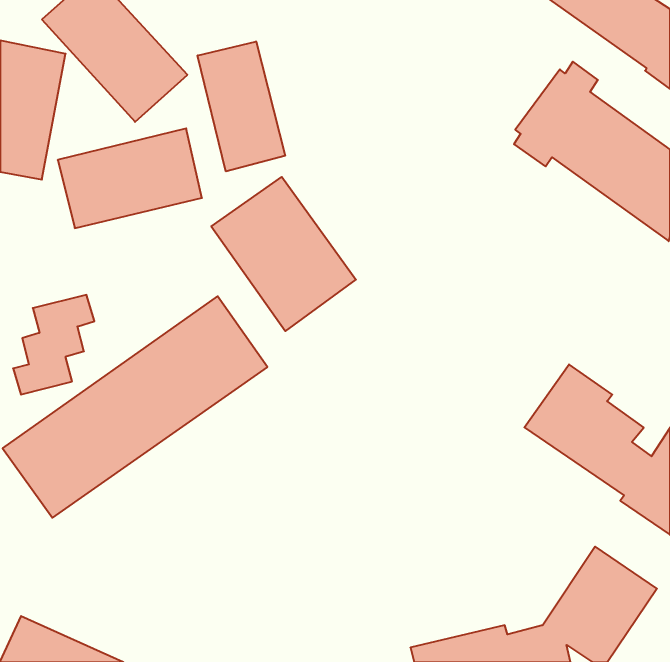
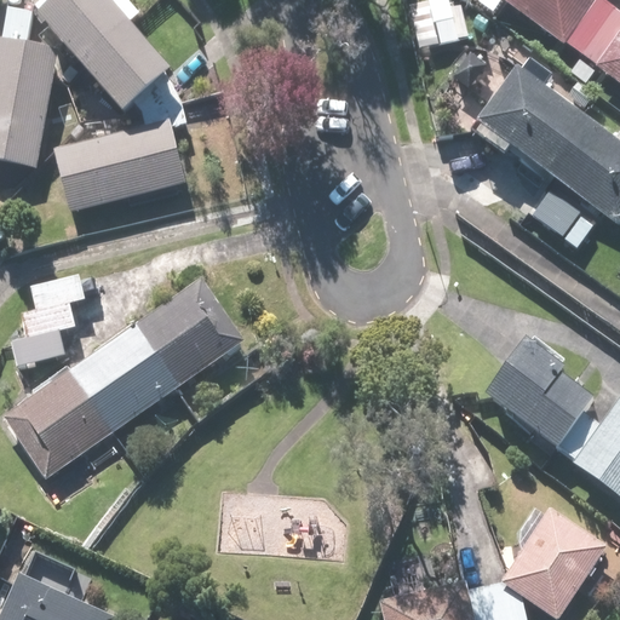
building: [198,41,285,171] -> none
building: [211,177,356,331] -> none

